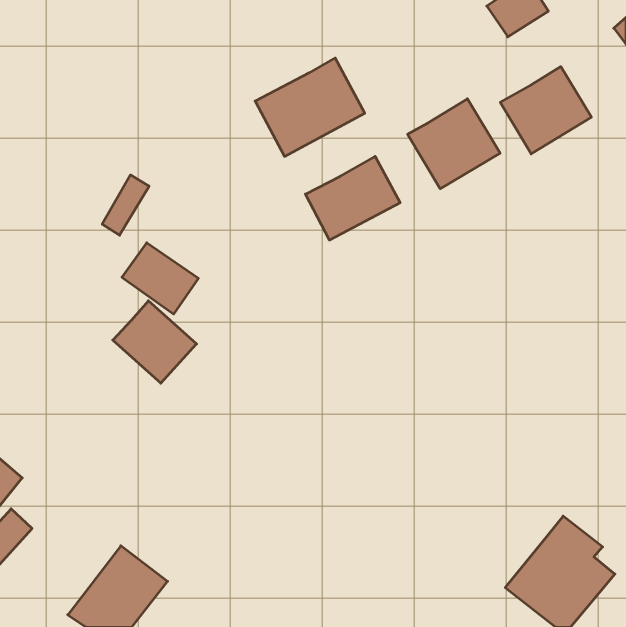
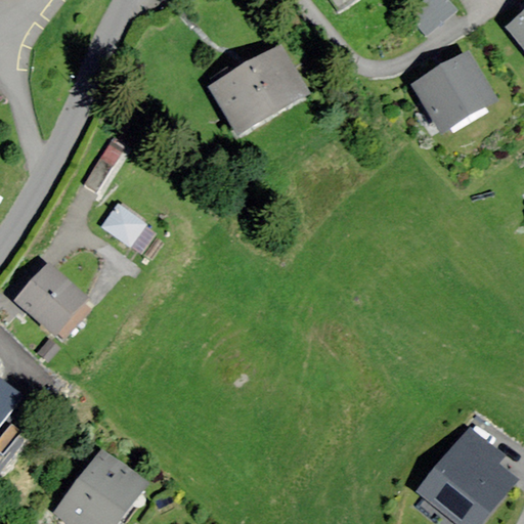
building: [408,99,500,189] -> none
building: [305,156,400,240] -> none
building: [113,301,197,383] -> [15,265,85,334]

